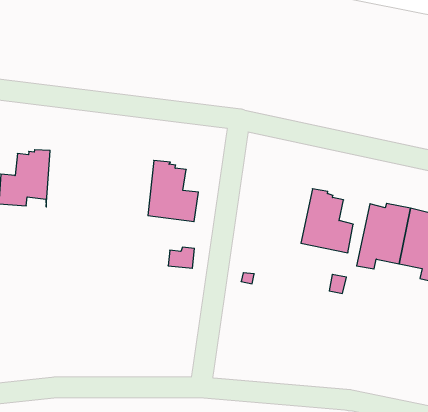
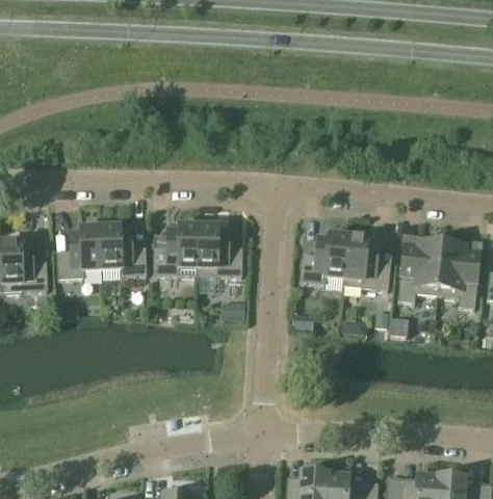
building: none -> [100,224,147,277]
building: none -> [153,221,198,274]
building: none -> [299,231,348,285]

